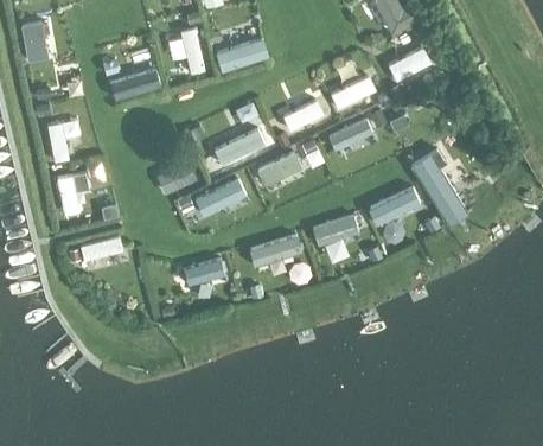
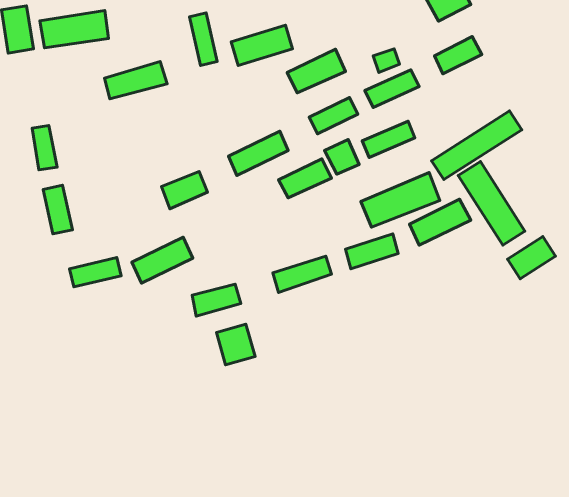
building: none -> [40,10,108,48]
building: none -> [287,49,345,93]
building: none -> [432,111,522,180]
building: none -> [361,173,440,227]
building: [194,178,247,217] -> [132,237,193,283]
building: none -> [507,236,555,279]
building: none -> [216,324,255,365]

